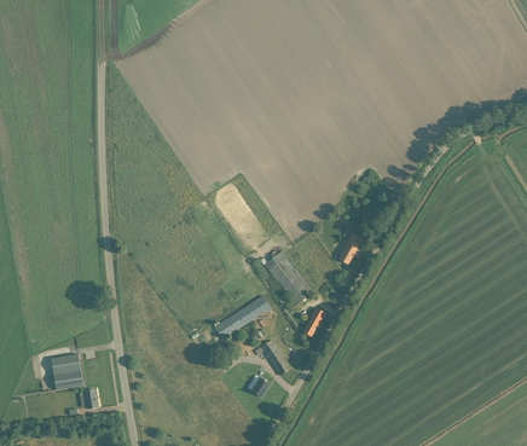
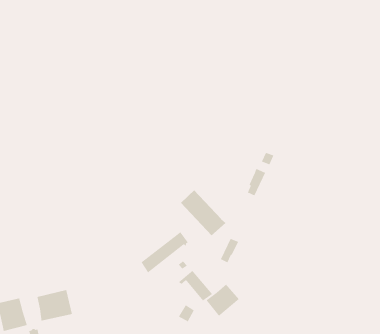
building: none -> [36,289,73,321]
building: none -> [205,284,240,317]

